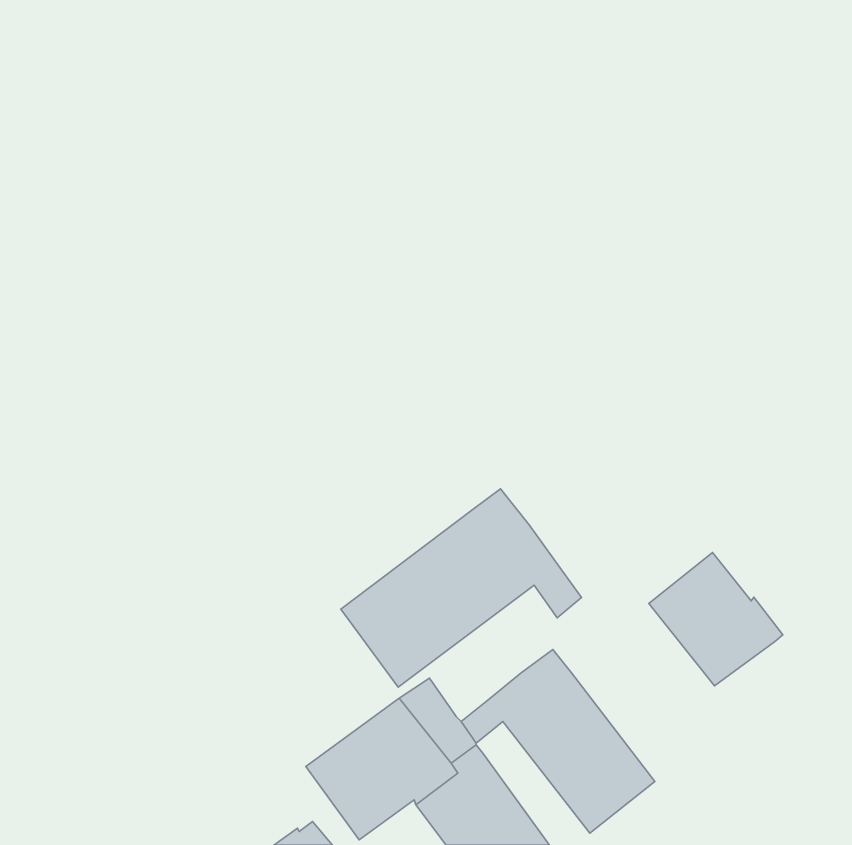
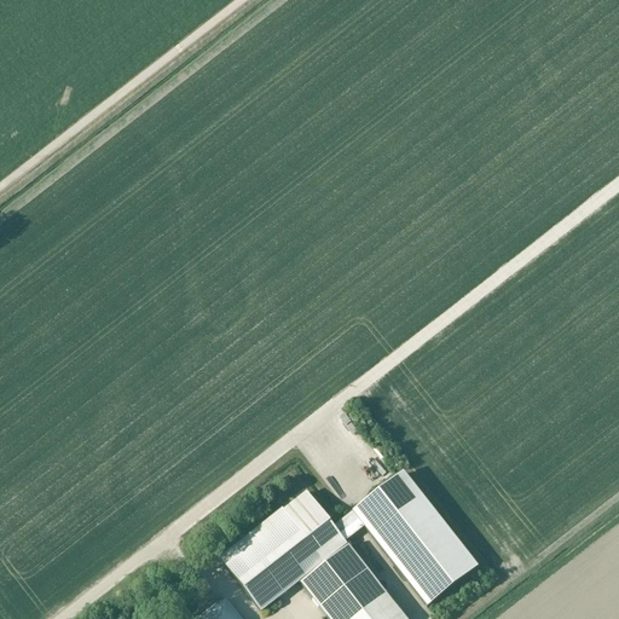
building: [341,489,582,687] -> none
building: [649,553,783,686] -> none

